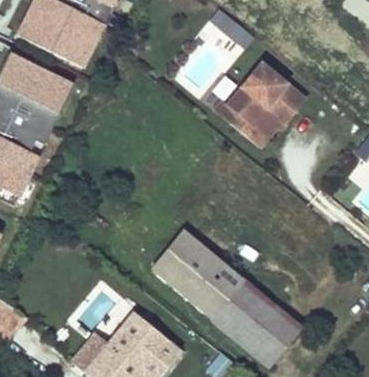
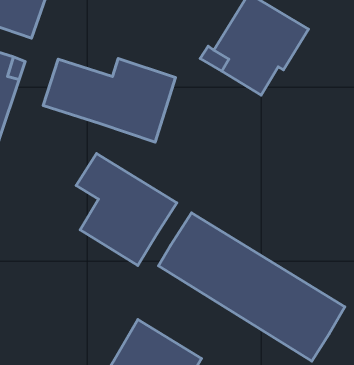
building: none -> [43,59,176,142]
building: none -> [76,153,177,266]

